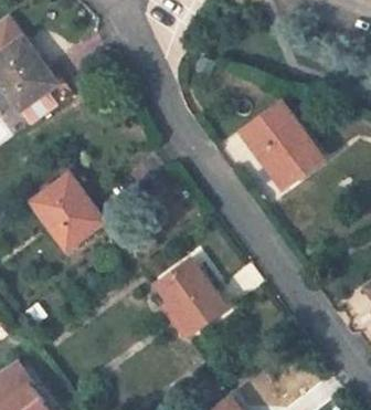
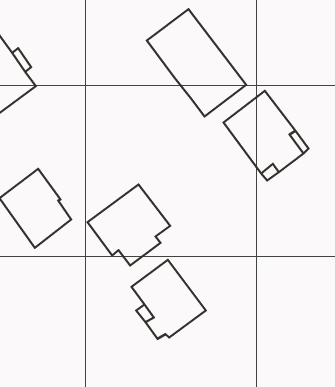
building: none -> [147,9,246,116]
building: none -> [88,184,170,266]

